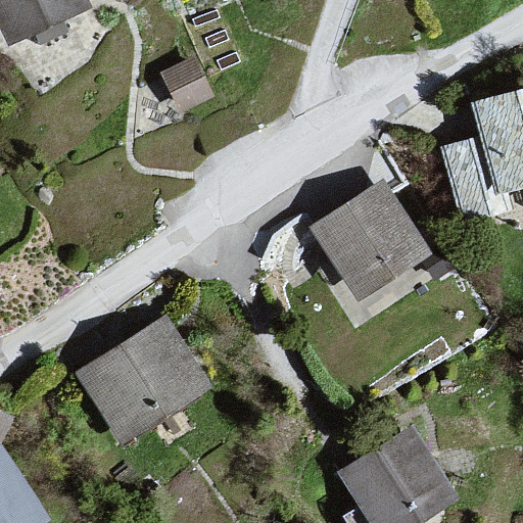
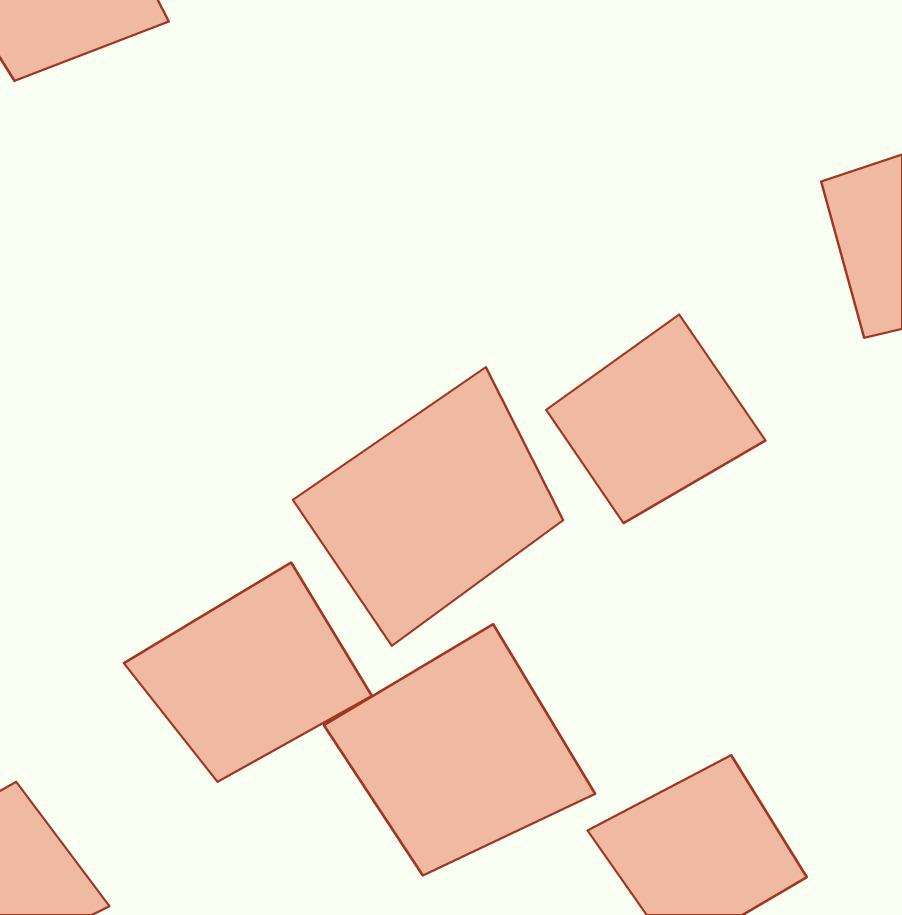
building: none -> [293,367,563,646]
building: none -> [324,624,595,875]

